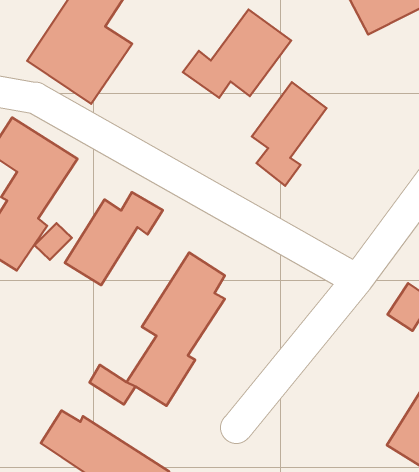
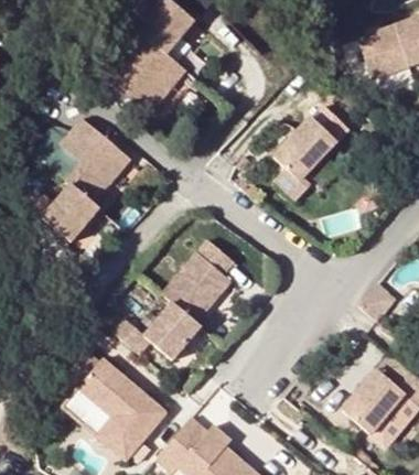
building: [183,10,291,98] -> none
building: [65,192,163,285] -> none

